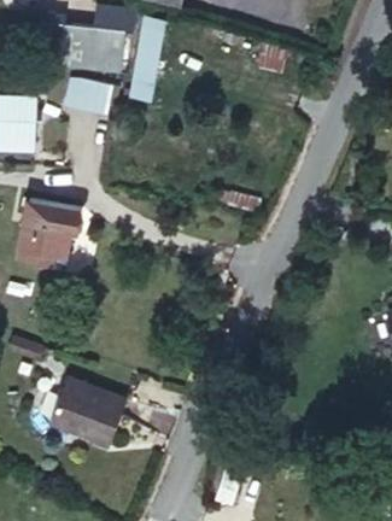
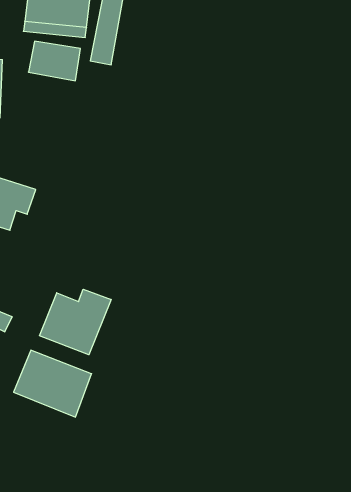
building: none -> [39,289,111,355]

